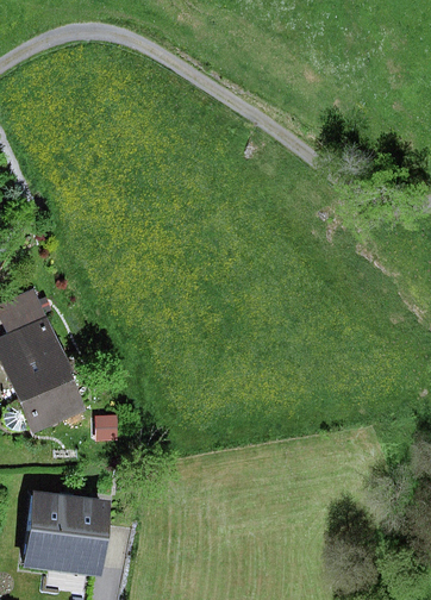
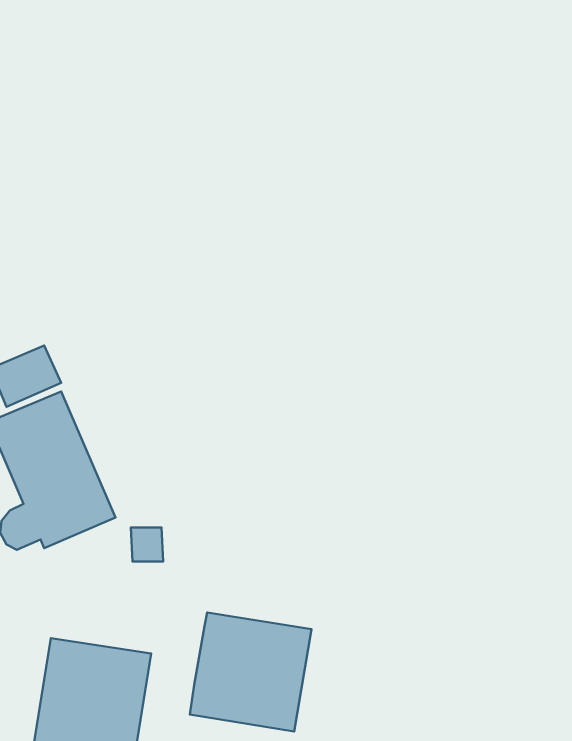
building: none -> [190,612,312,731]

